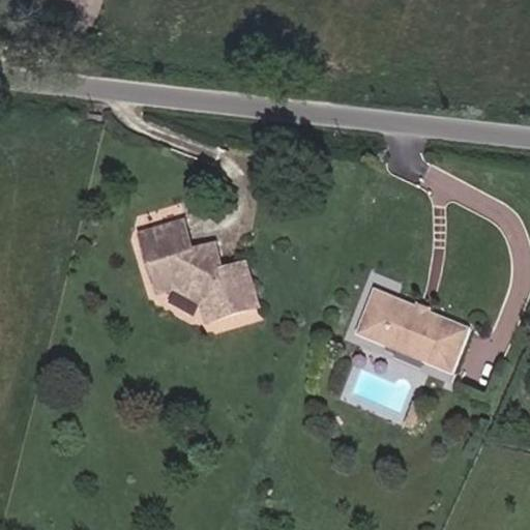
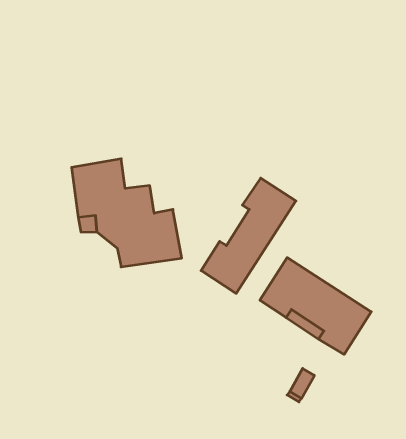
building: none -> [201,178,296,293]

